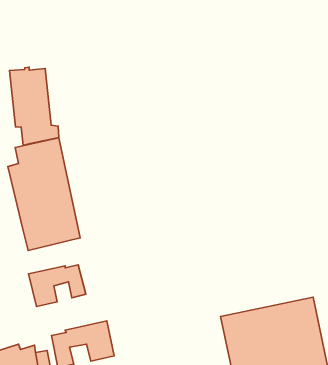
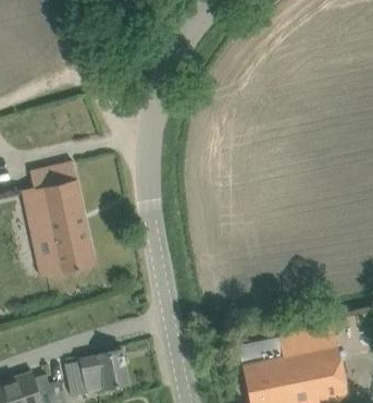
building: [9,67,59,145] -> none
building: [29,265,86,307] -> none

